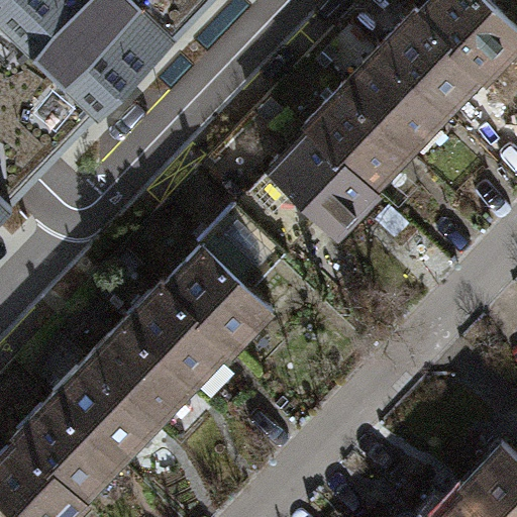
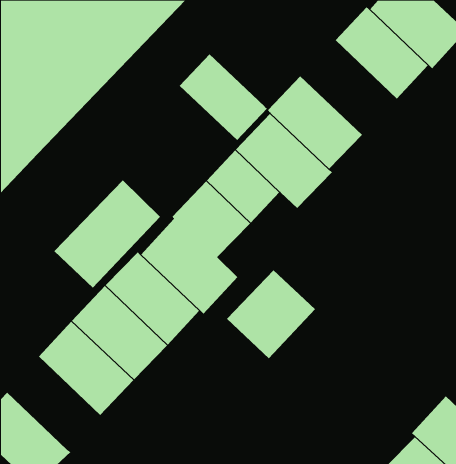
building: [343,46,450,151] -> none
building: none -> [179,54,268,141]
building: none -> [54,180,161,289]
building: none -> [226,270,316,359]
building: [17,397,122,500] -> none

